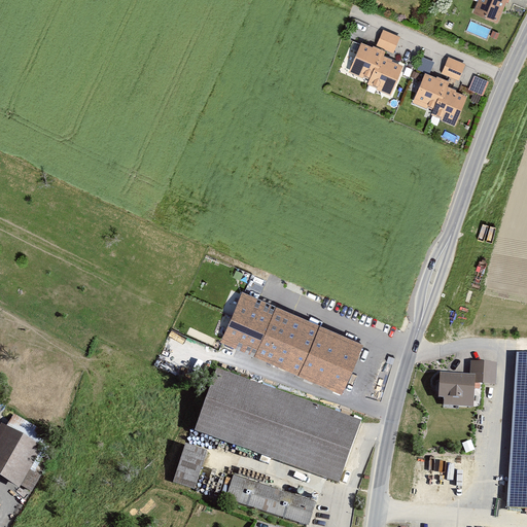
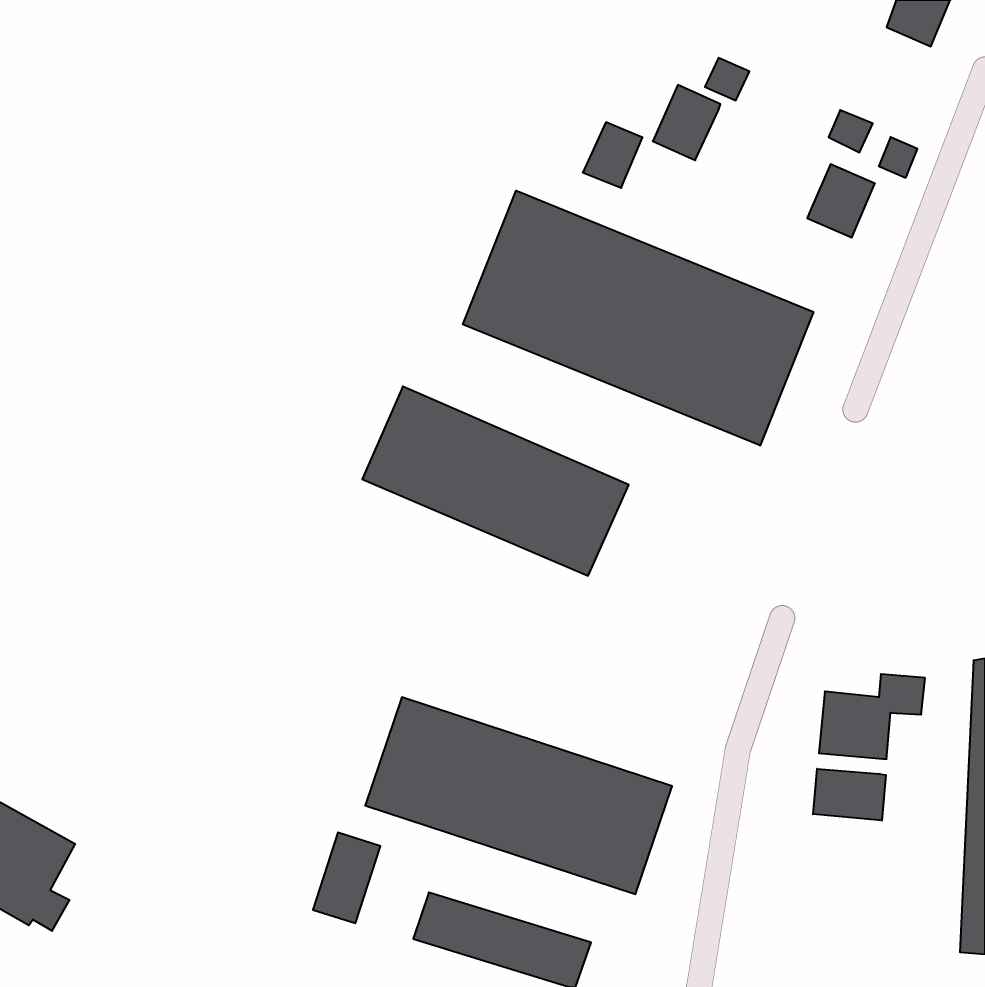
building: [371,59,402,94] -> [583,122,643,188]
building: [413,75,445,111] -> none
building: none -> [463,191,813,446]
building: [220,290,362,391] -> [362,386,629,576]
building: none -> [813,769,886,821]

